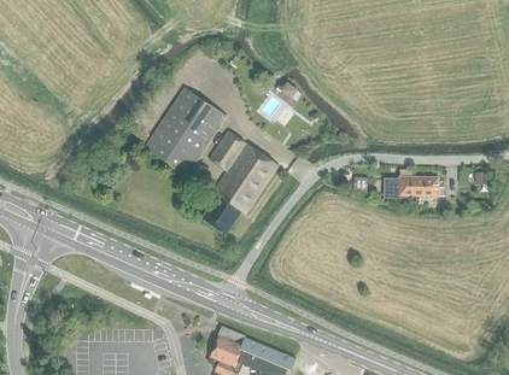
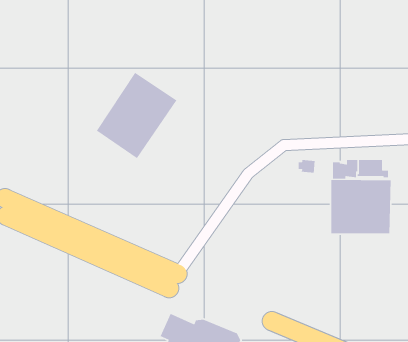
building: [203,131,279,234] -> none
building: none -> [330,179,391,234]

